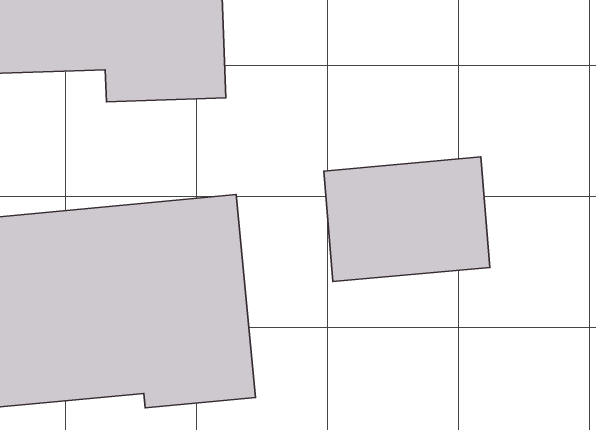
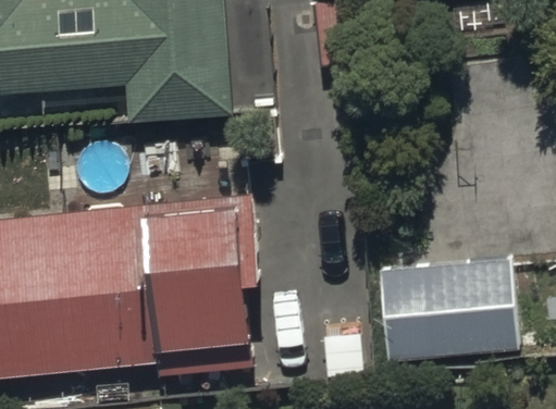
building: [324,157,490,282] -> [379,258,519,363]

